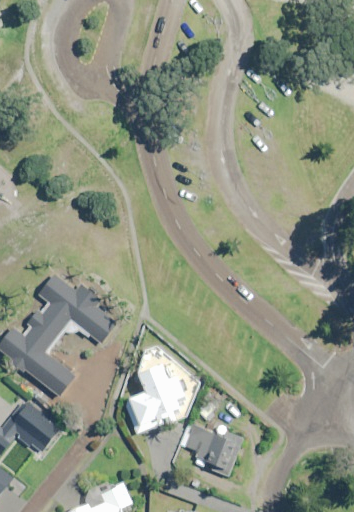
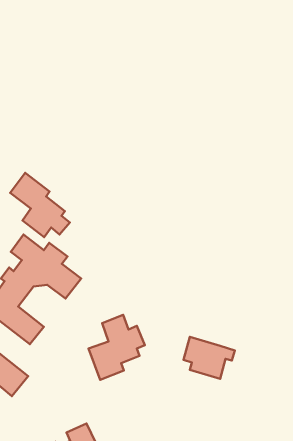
building: none -> [10,173,70,237]
building: [186,422,242,468] -> [184,337,235,379]

